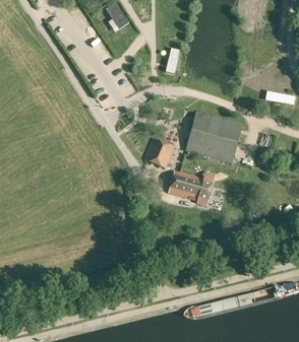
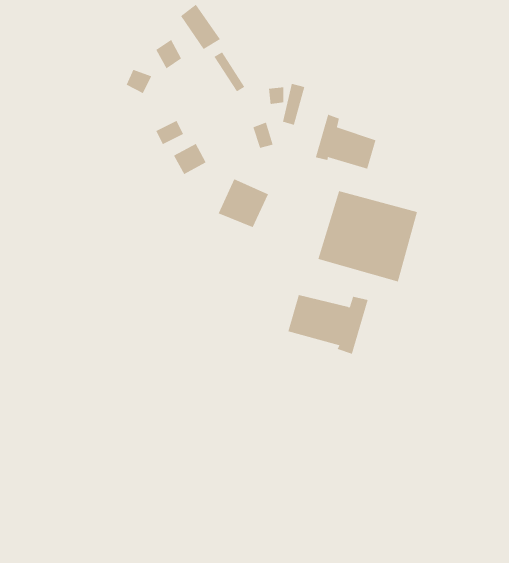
building: none -> [315,114,376,170]
building: [144,138,174,166] -> [218,178,269,228]

